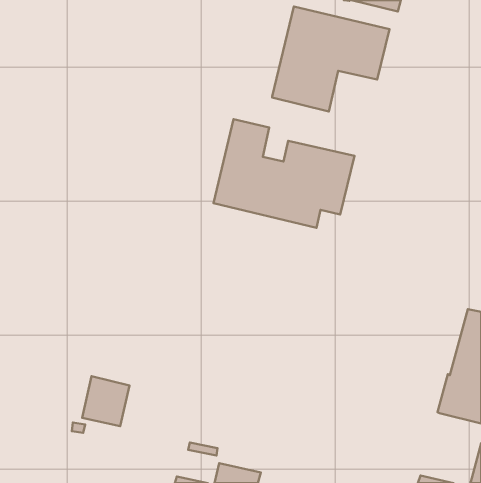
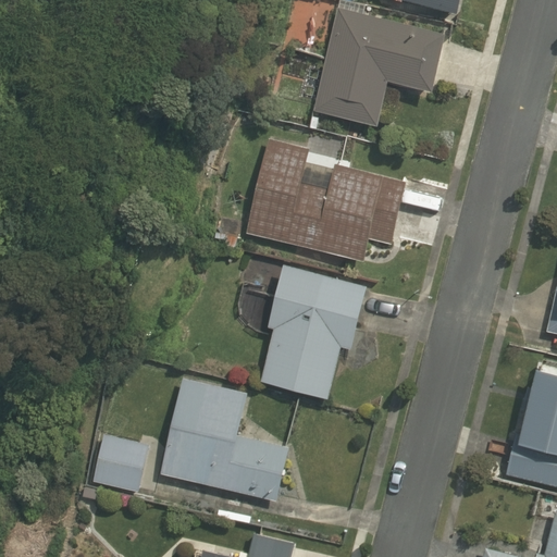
building: none -> [260,263,368,399]
building: none -> [160,376,285,496]

